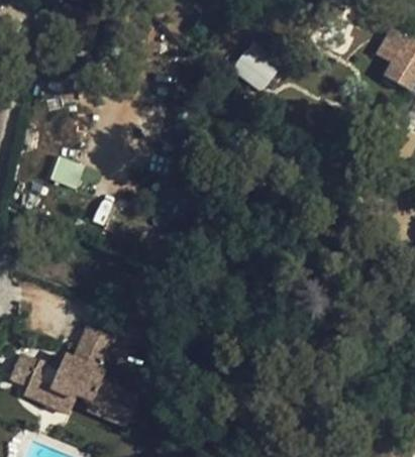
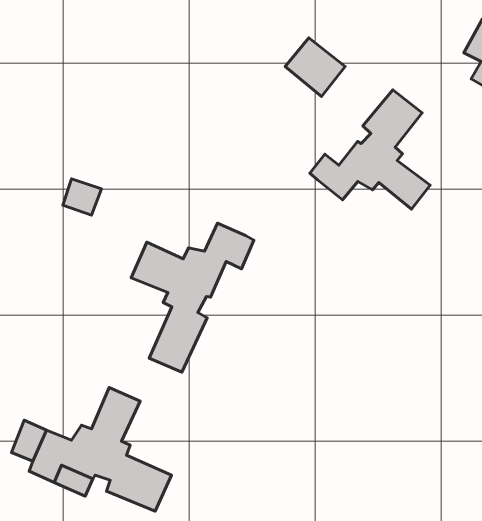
building: none -> [310,90,430,209]
building: none -> [131,223,254,372]

